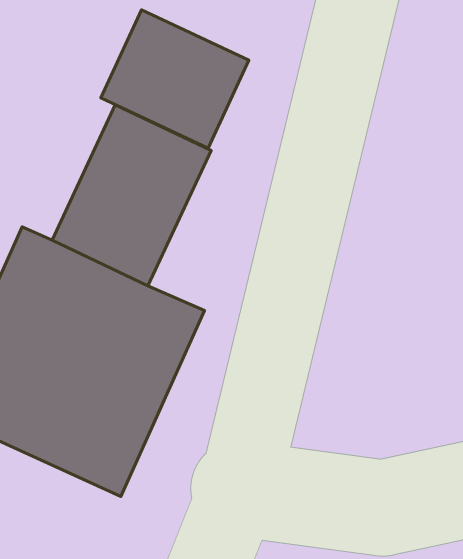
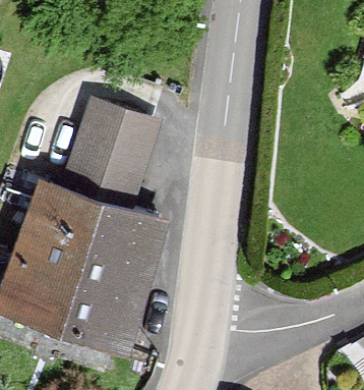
building: [101,10,249,148] -> none

